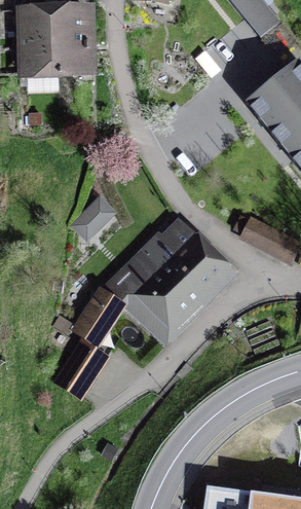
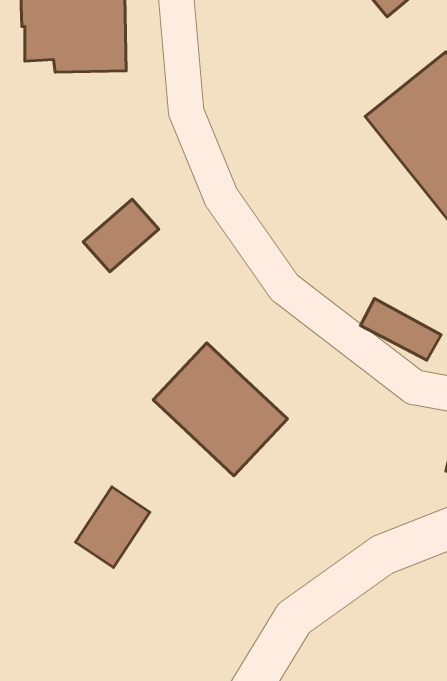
building: [70,192,119,240] -> [83,199,159,272]
building: [142,223,225,297] -> none
building: [75,285,124,341] -> none

